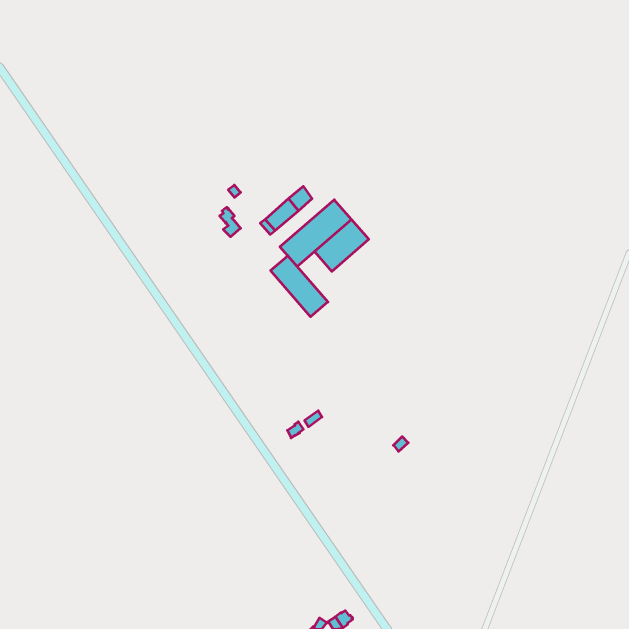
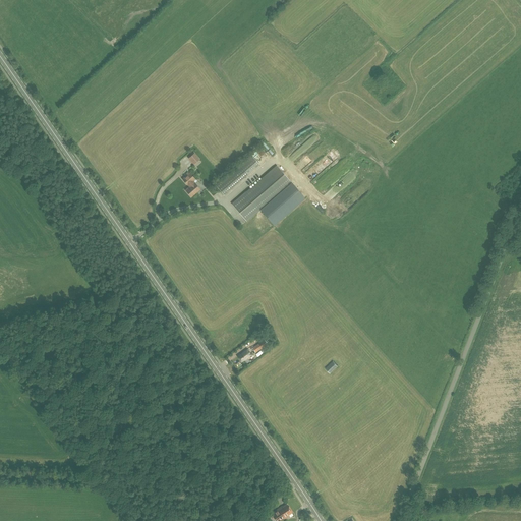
building: [271,256,328,317] -> none

